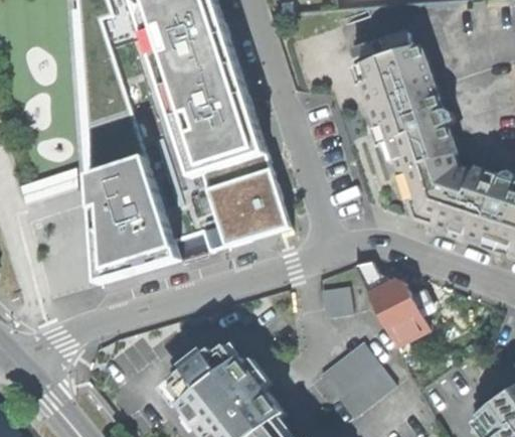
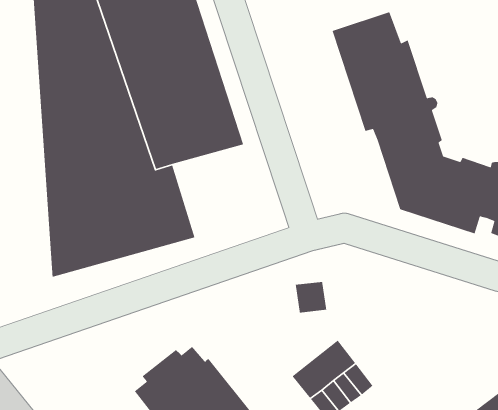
building: [205,159,294,246] -> none
building: [352,263,426,345] -> none

